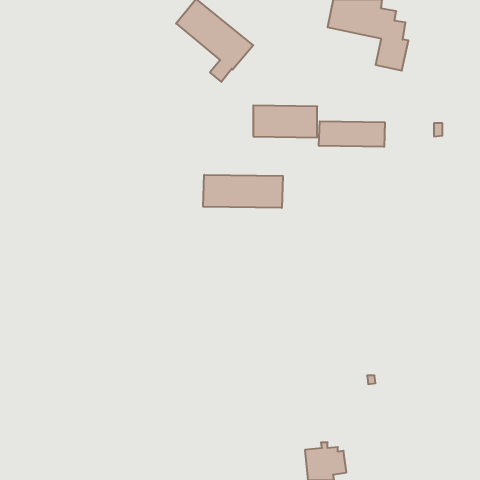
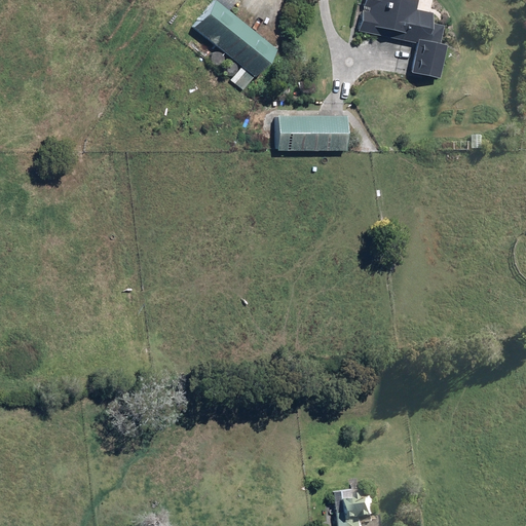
building: [319,121,385,147] -> none
building: [203,175,283,208] -> none

